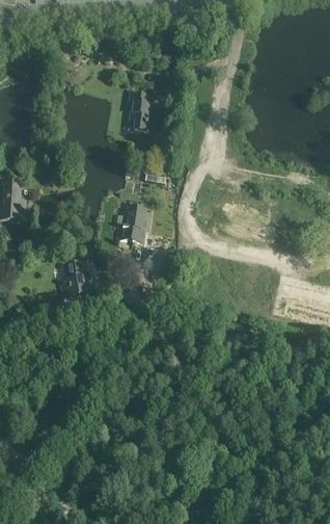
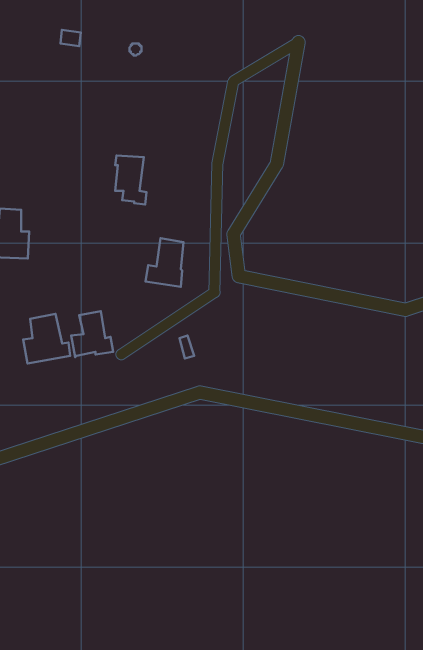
building: [129,94,153,131] -> [115,156,146,204]
building: none -> [23,314,70,363]

